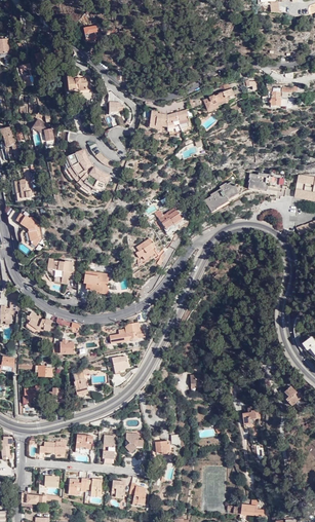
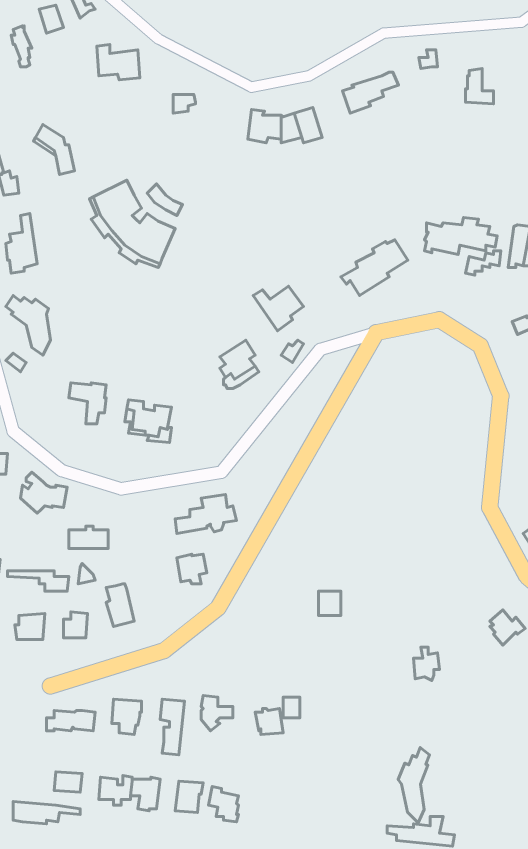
building: none -> [398,748,430,823]

